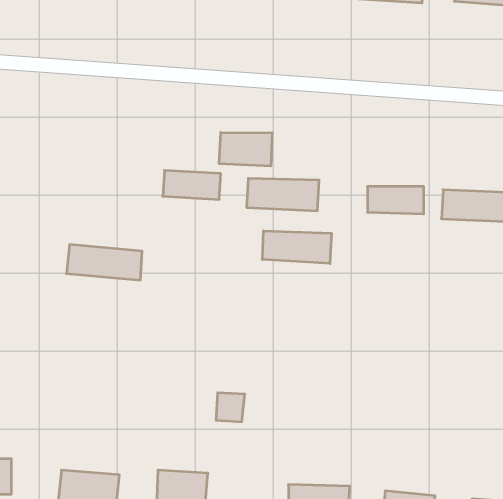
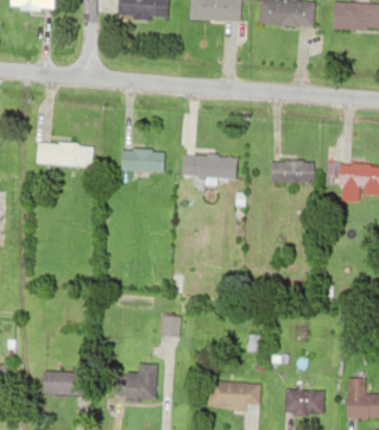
building: [219,132,272,166] -> none
building: [262,231,331,264] -> none
building: [66,245,142,280] -> [37,141,93,167]

